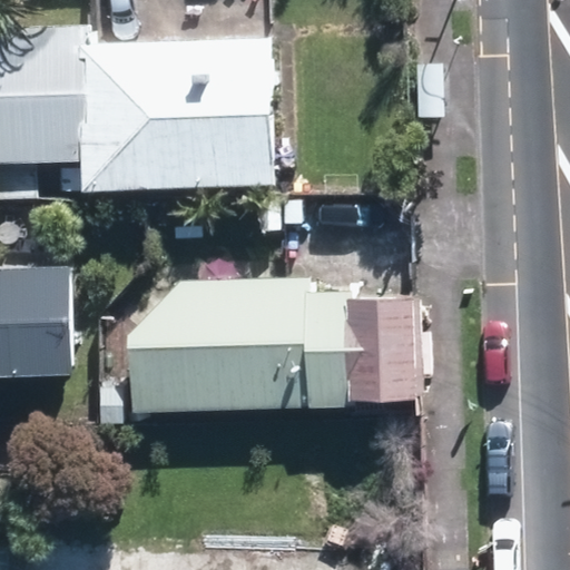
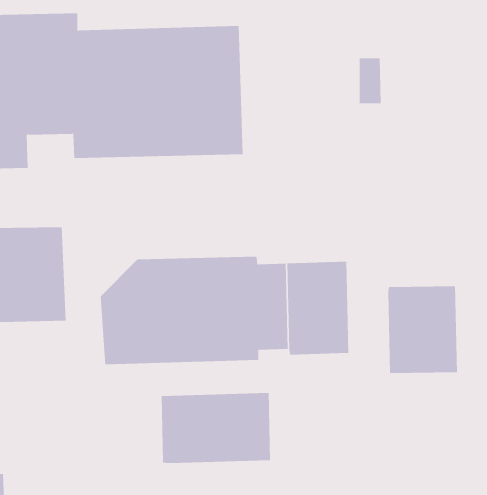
building: none -> [388,285,458,374]
building: none -> [161,392,271,464]

